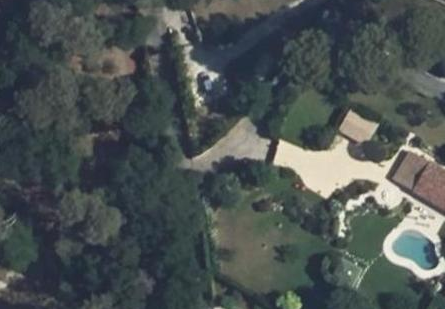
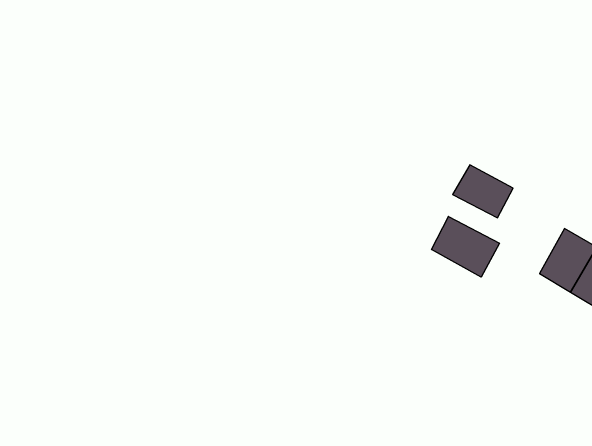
building: none -> [432,216,499,277]

